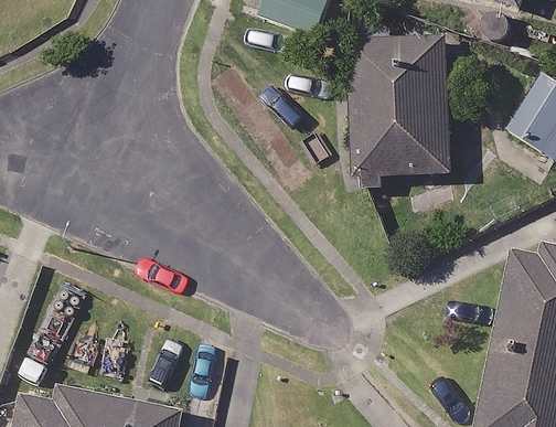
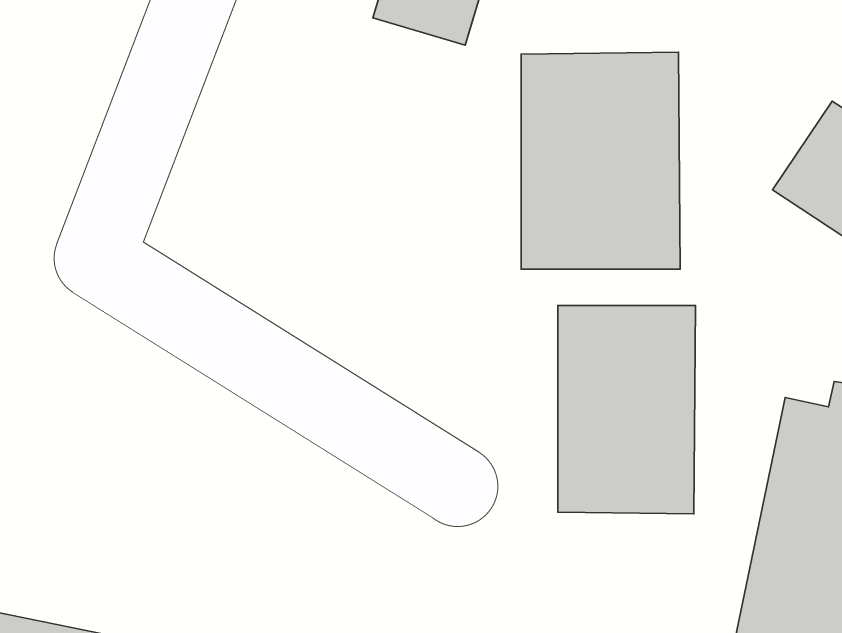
building: none -> [558,305,695,514]

